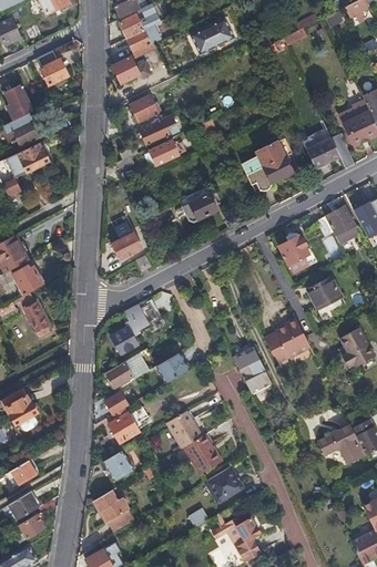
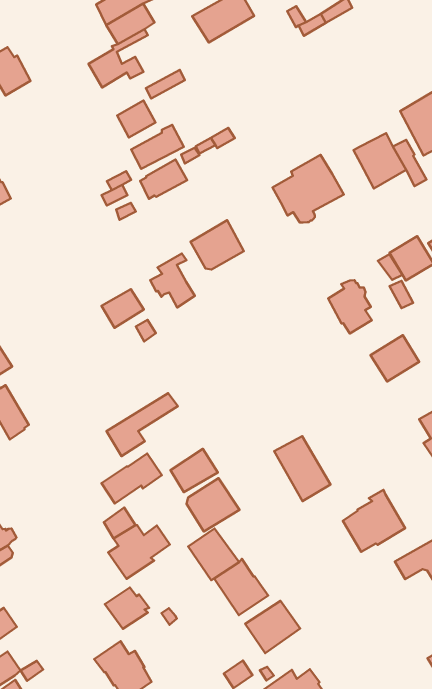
building: none -> [150,254,195,308]
building: [264,318,309,362] -> [343,490,405,552]
building: none -> [186,478,239,531]

